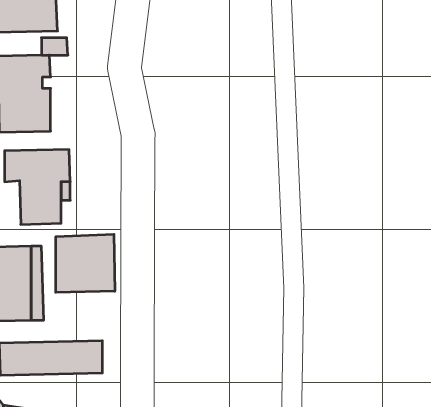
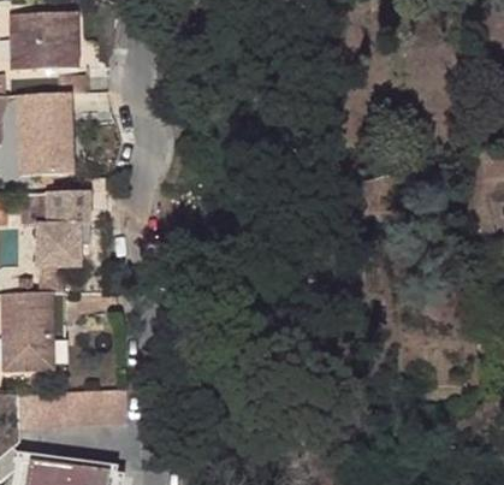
building: [56,234,115,292] -> none

